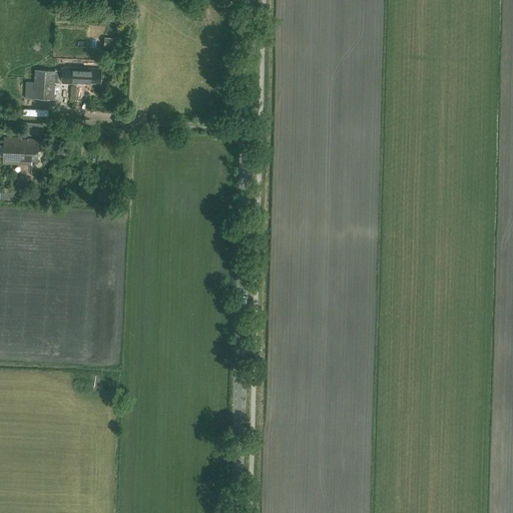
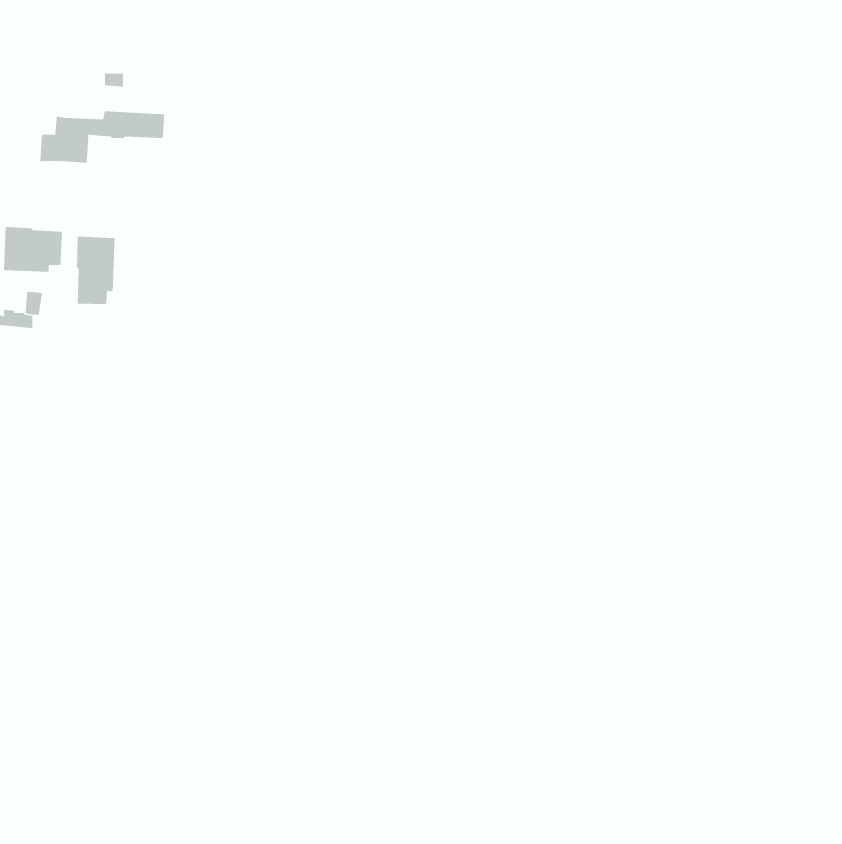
building: none -> [76,236,116,305]

